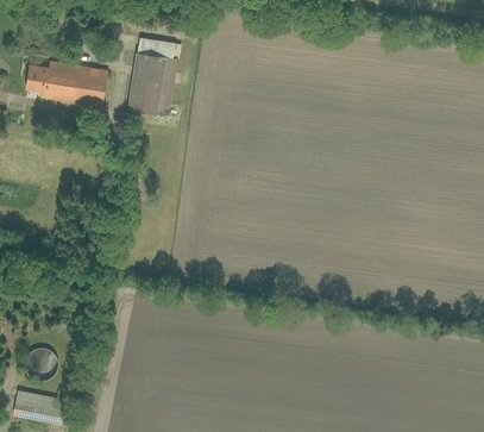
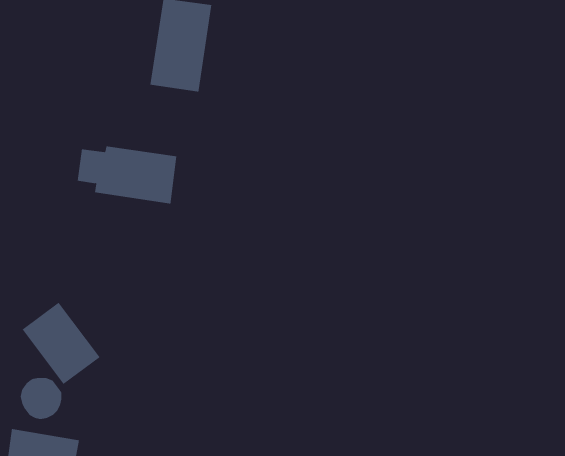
building: [24,60,106,107] -> [77,146,177,204]
building: none -> [22,302,100,385]

